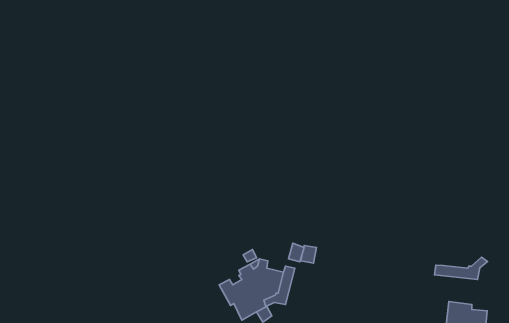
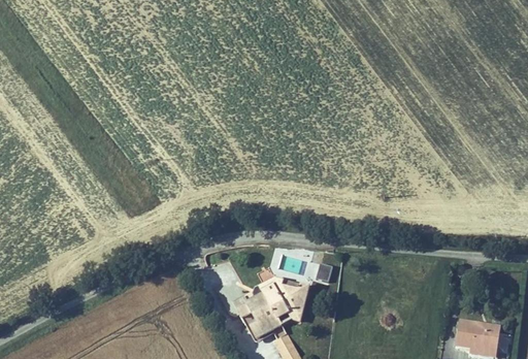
building: [434,257,488,280] -> none

